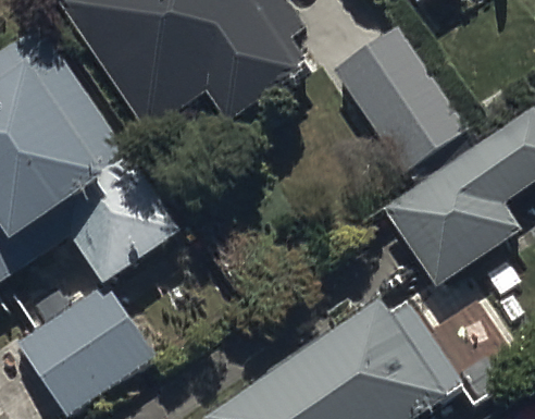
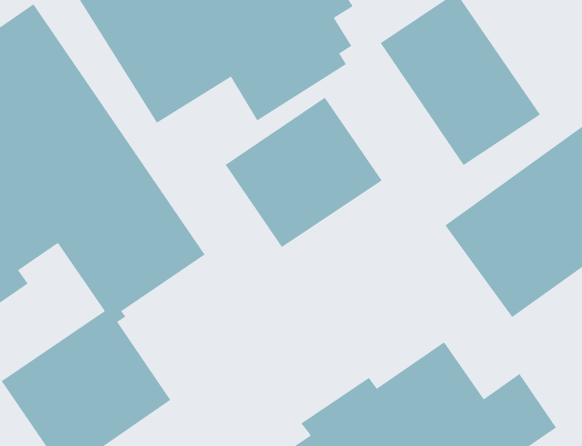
building: none -> [225,97,383,248]

